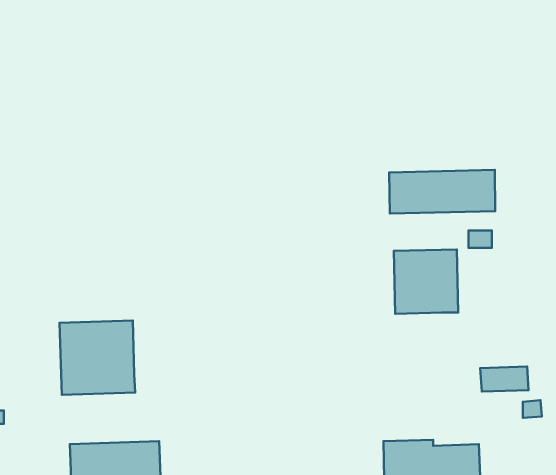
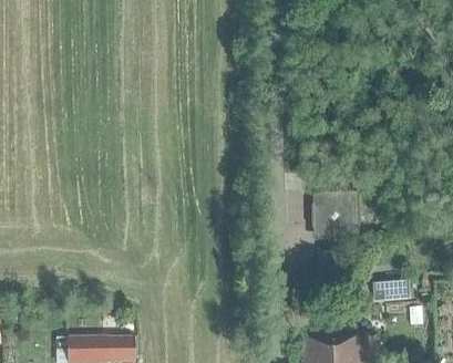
building: [389,170,495,214] -> none
building: [60,320,135,395] -> none

